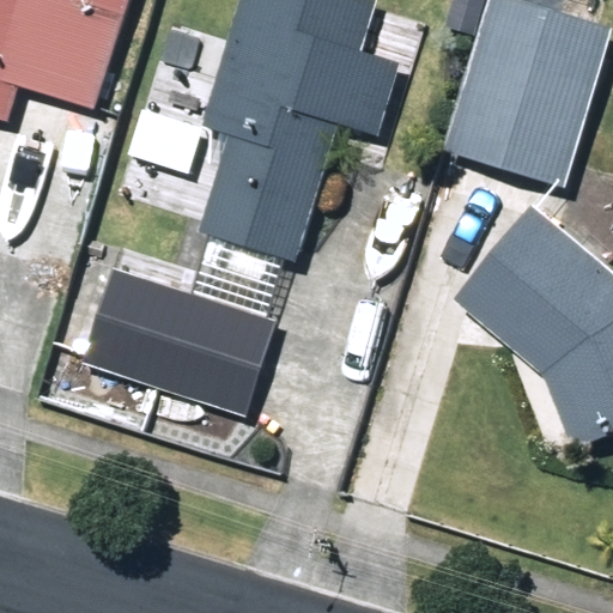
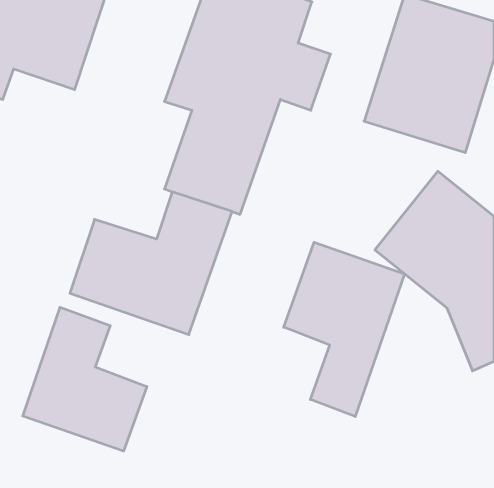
building: none -> [284,242,404,417]
building: none -> [23,307,147,451]

